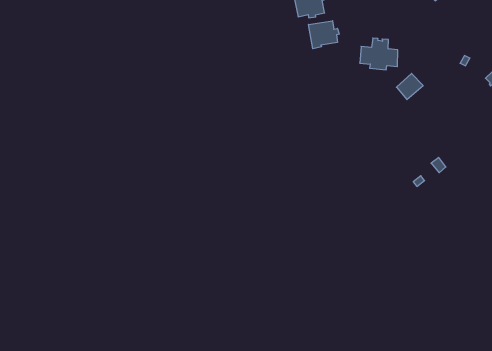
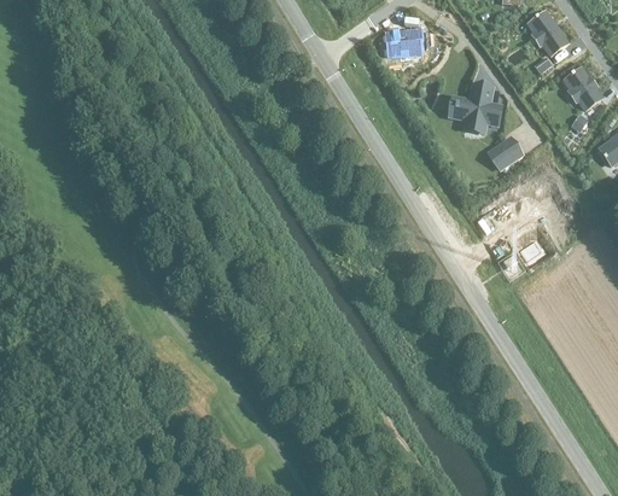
building: none -> [564,69,601,110]
building: [309,21,339,49] -> none

